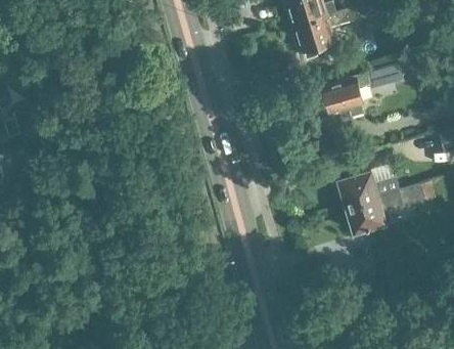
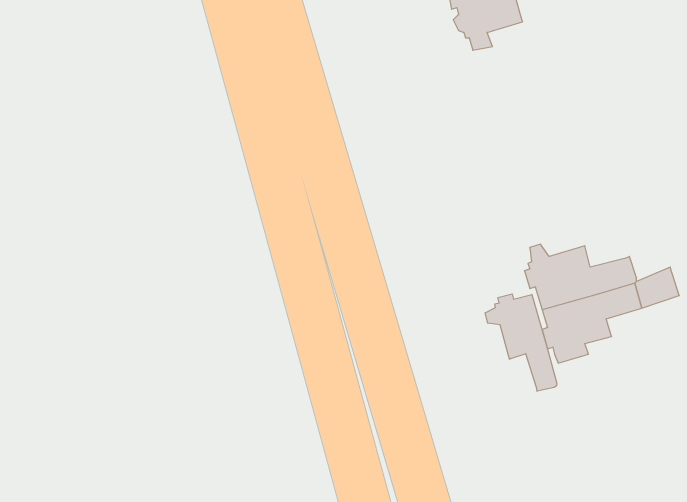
building: [321,69,393,119] -> none
building: none -> [485,294,557,391]

